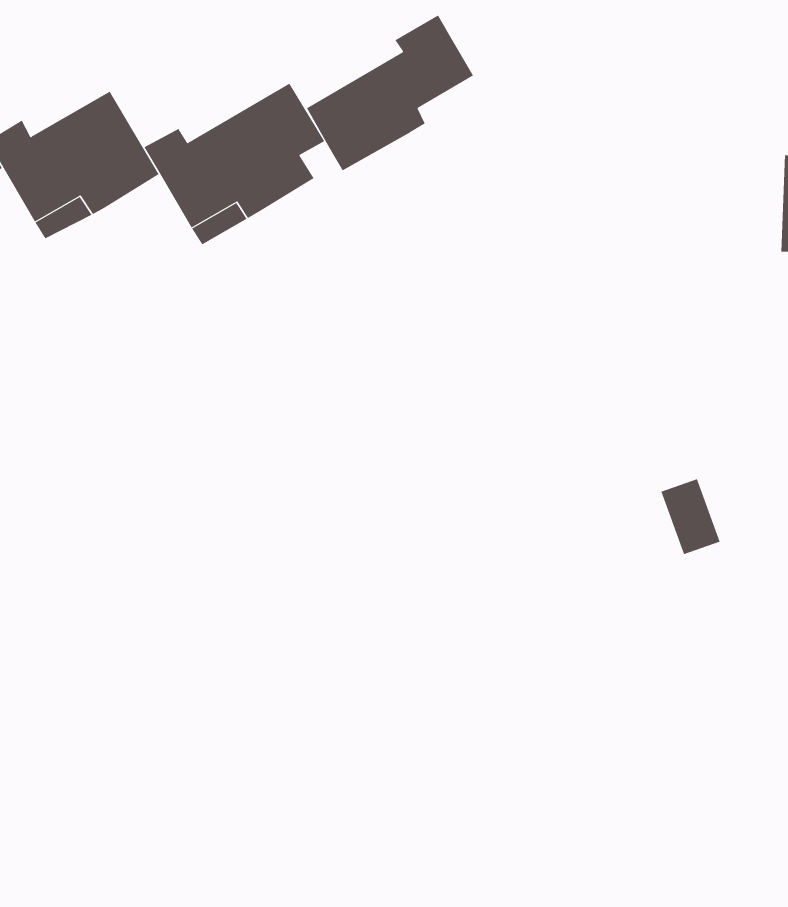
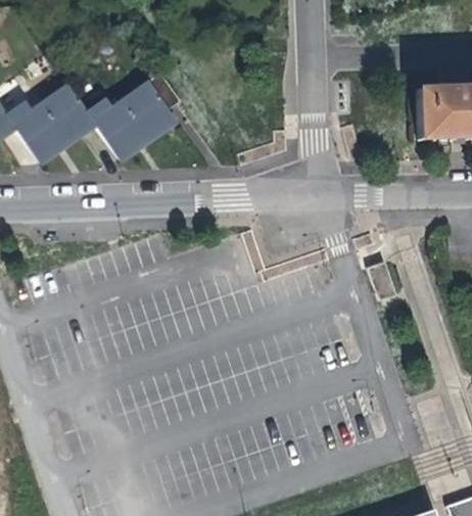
building: [306,15,474,171] -> none

